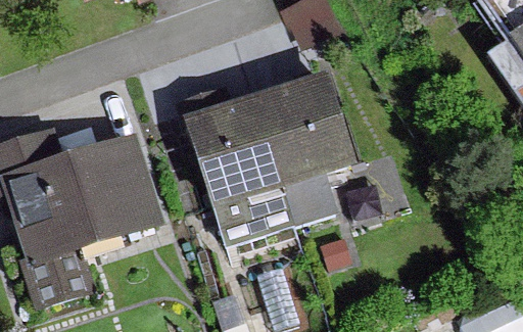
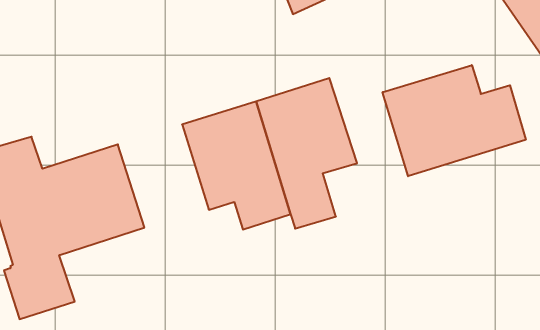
building: none -> [383,65,526,176]

